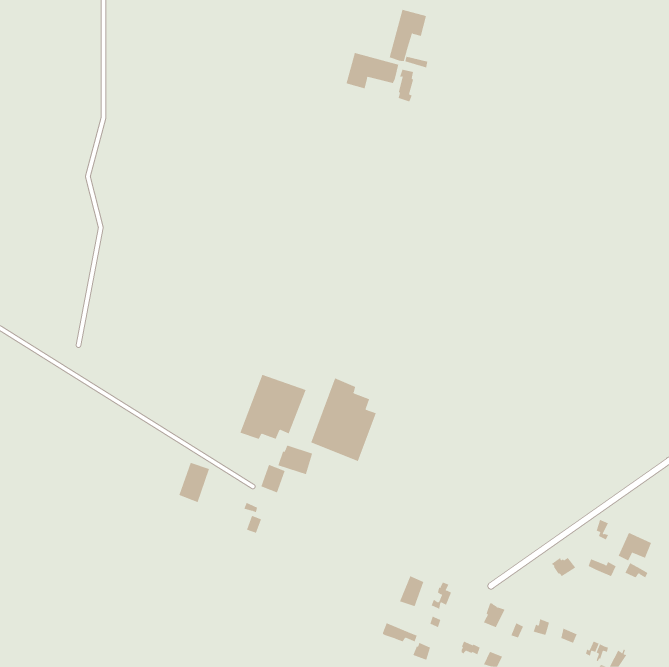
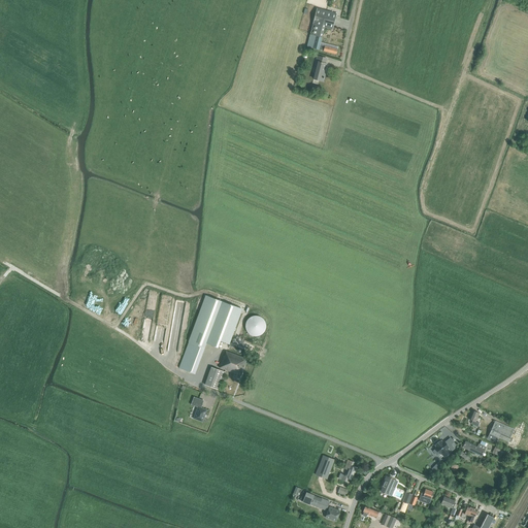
building: [346,52,399,89] -> none
building: [310,378,377,462] -> none
building: [179,462,210,503] -> [179,341,204,373]

